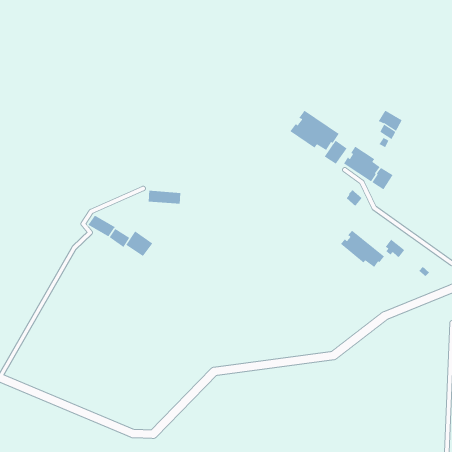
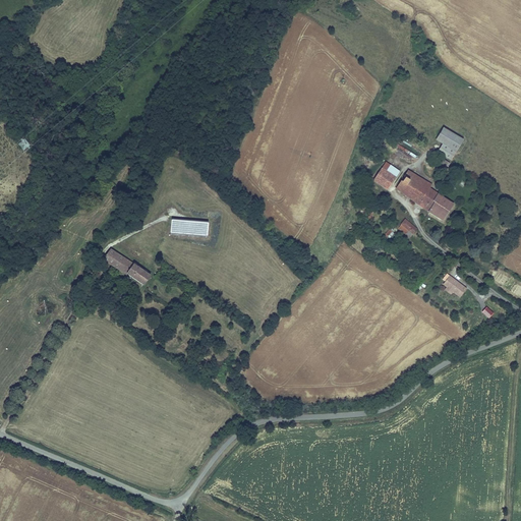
building: [290,110,339,151] -> none
building: [340,230,385,268] -> none
building: [125,231,153,257] -> none

